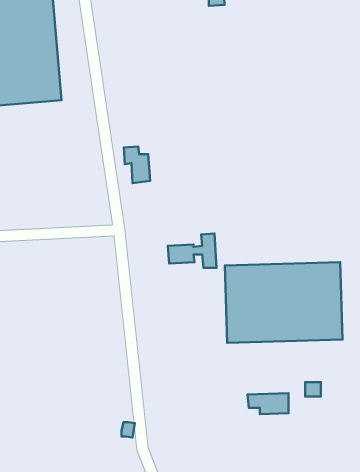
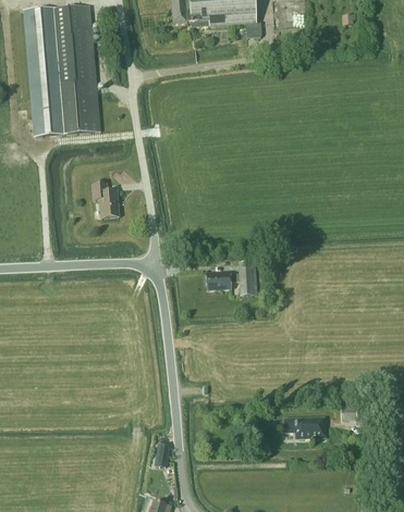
building: [124,146,150,183] -> [91,182,118,217]
building: [225,262,343,343] -> none

